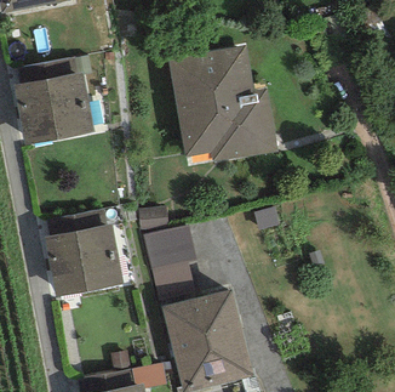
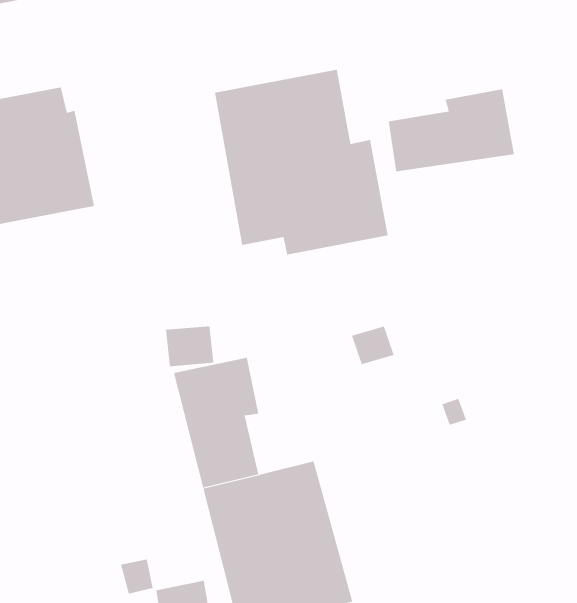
building: none -> [388,88,515,172]
building: [44,209,124,296] -> none

